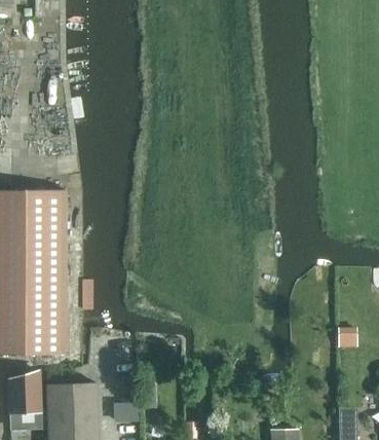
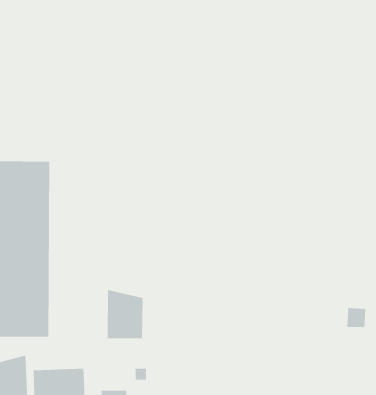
building: none -> [107,289,143,339]

